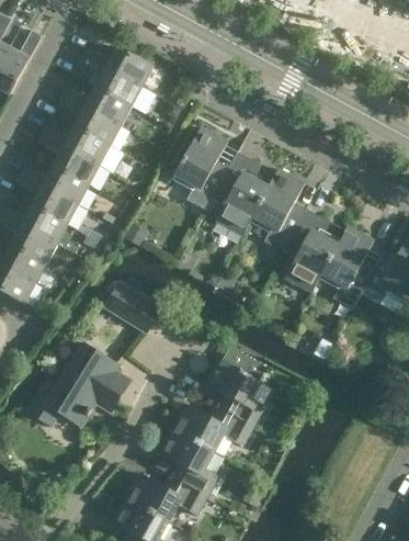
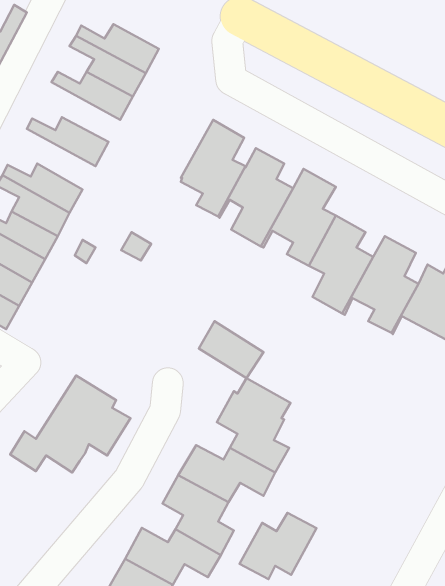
building: [59,95,122,146] -> none
building: [37,135,101,187] -> none
building: [105,284,160,333] -> [199,321,263,378]
building: none -> [240,513,317,579]

